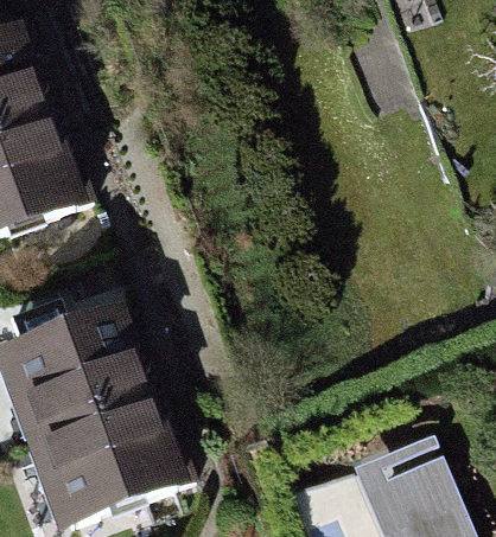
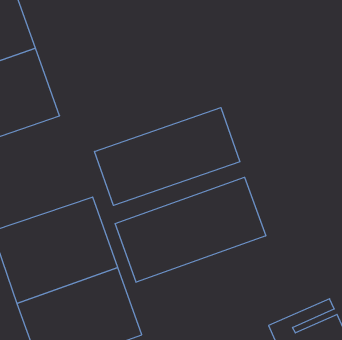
building: none -> [95,108,240,205]
building: none -> [115,177,266,282]

